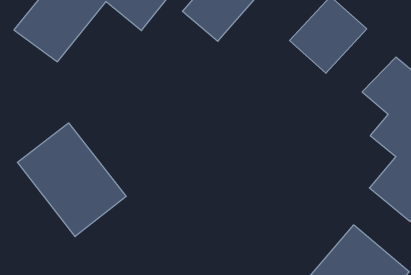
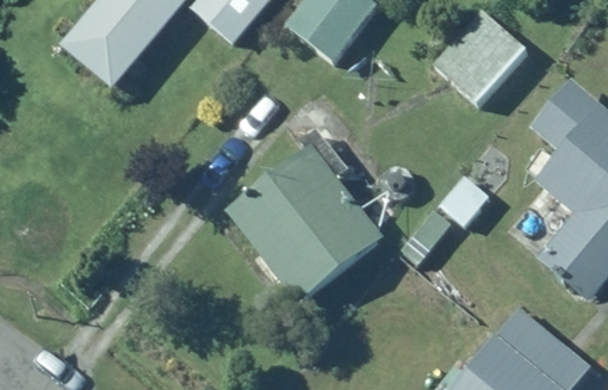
building: none -> [228,143,390,309]
building: [17,123,126,237] -> none

